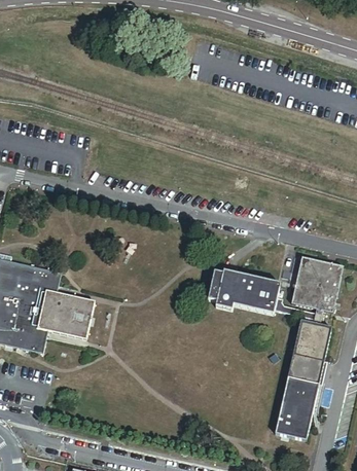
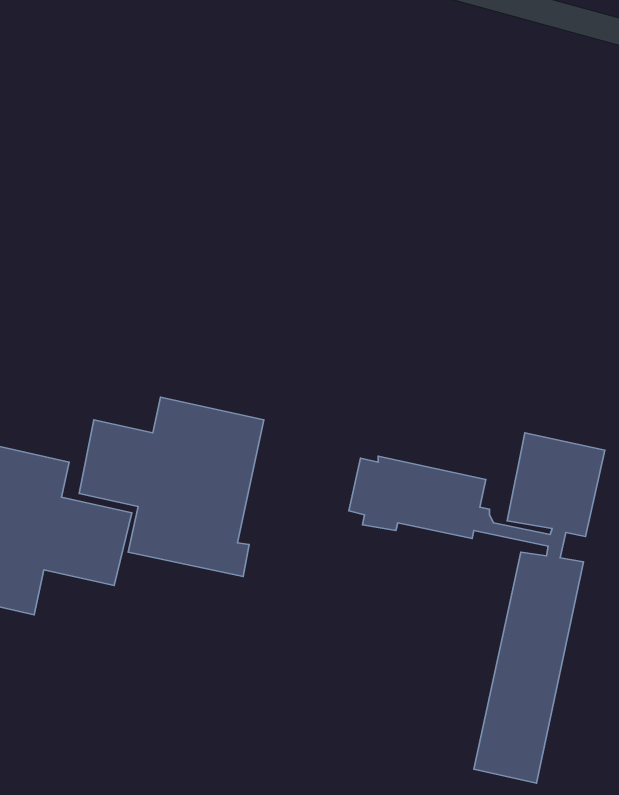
building: none -> [79,397,264,576]

